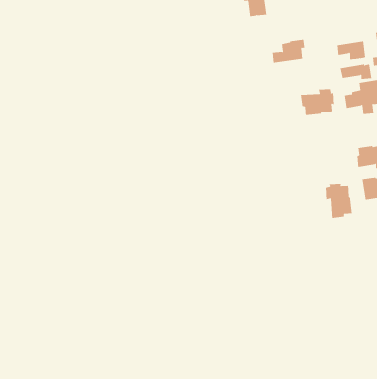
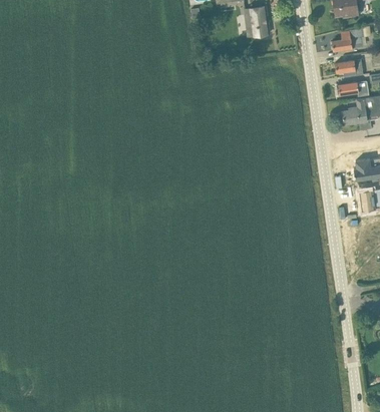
building: [272,39,305,63] -> [332,27,364,50]
building: [301,89,334,115] -> none
building: [325,183,352,219] -> none

